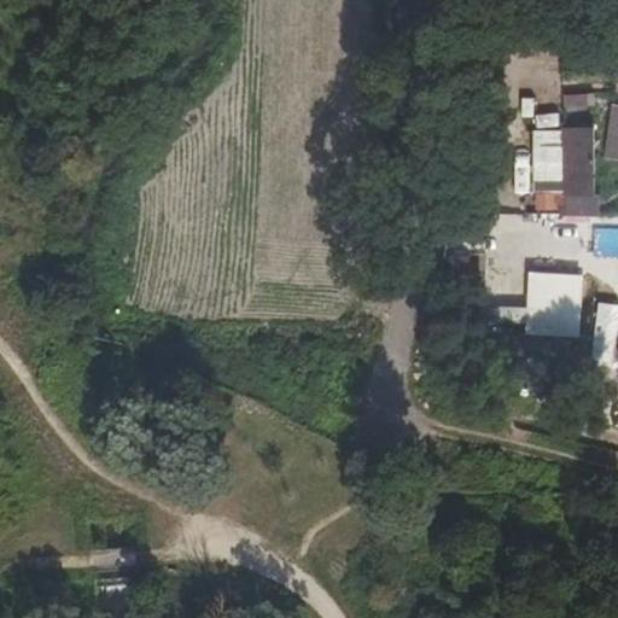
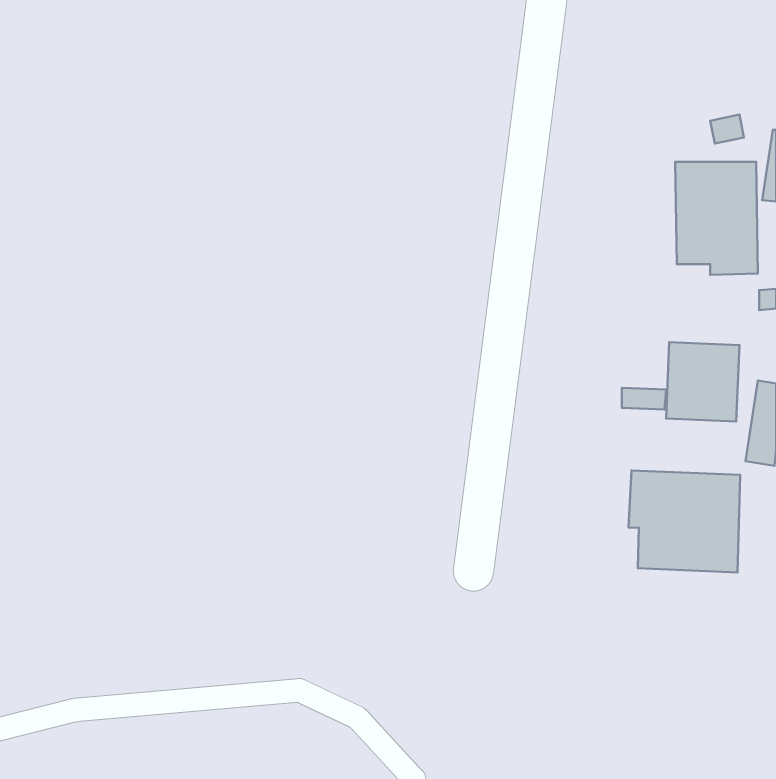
building: none -> [628,471,740,572]

